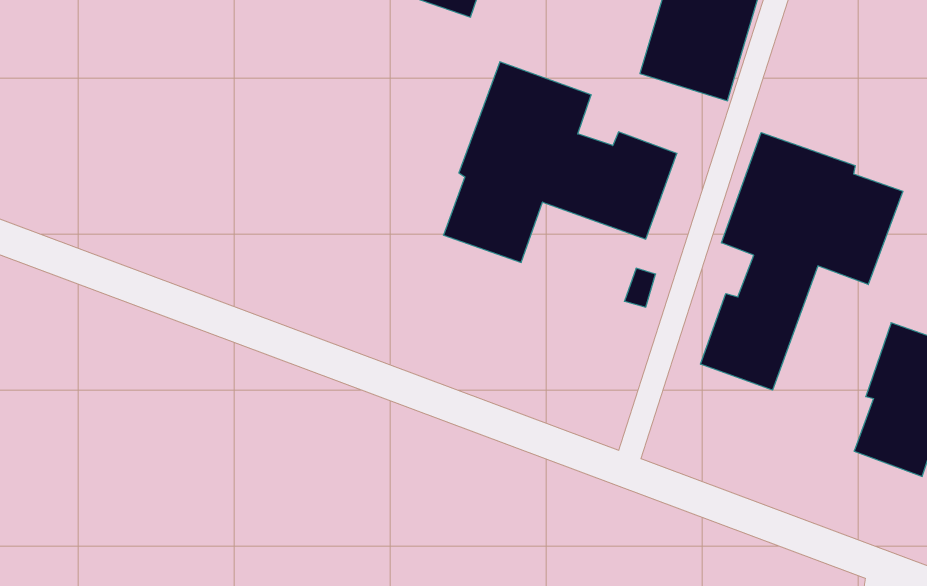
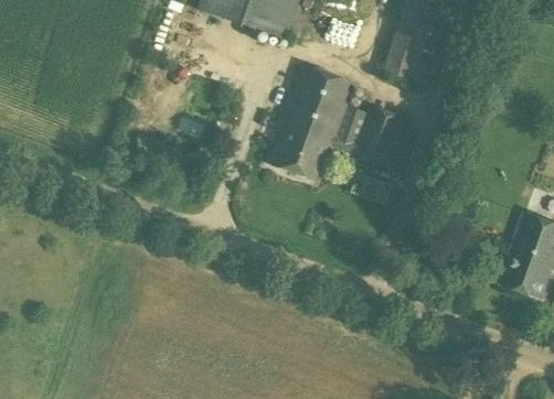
building: [701,133,903,390] -> none

